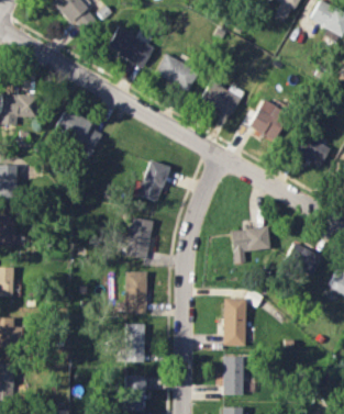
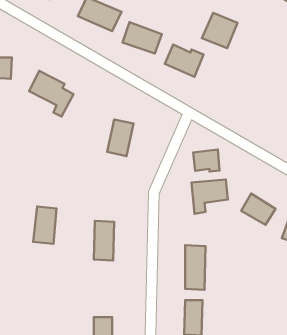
building: [249,101,288,139] -> [202,13,237,48]
building: [293,136,330,166] -> none
building: none -> [193,149,220,172]
building: [127,219,153,259] -> [33,206,57,244]
building: [126,324,145,362] -> none

